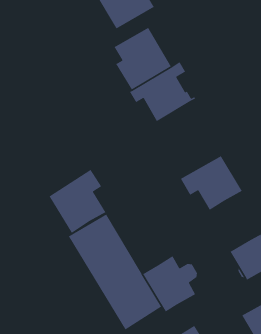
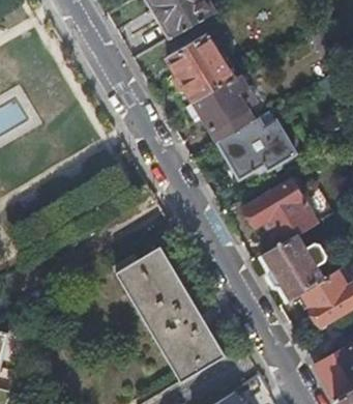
building: none -> [217,118,295,178]
building: [49,169,106,234] -> none
building: [142,255,198,312] -> [261,233,325,299]

